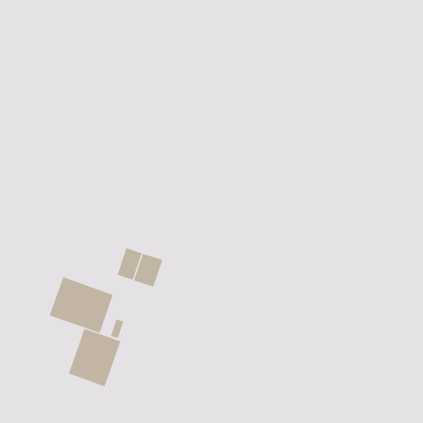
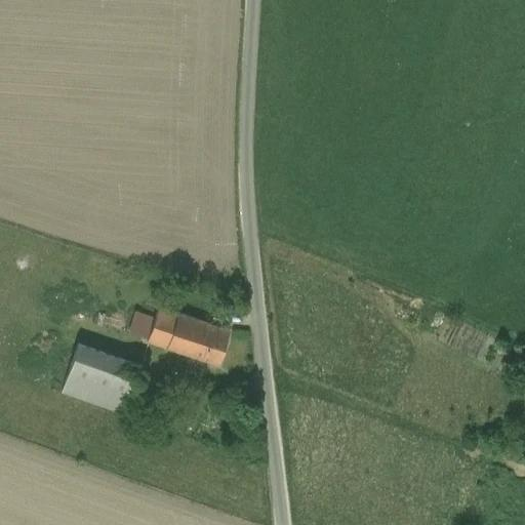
building: none -> [191,322,229,365]
building: [68,328,121,387] -> none

